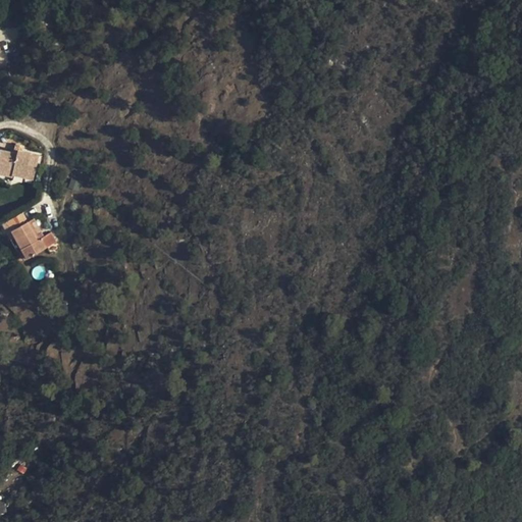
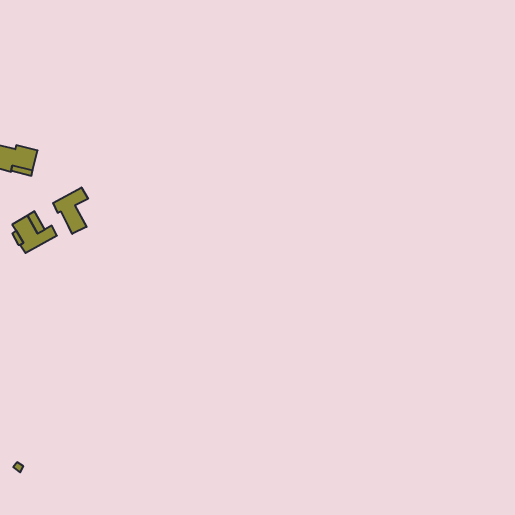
building: none -> [53,187,88,234]

